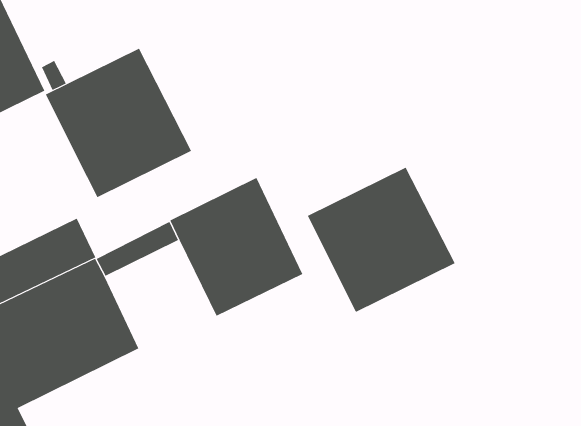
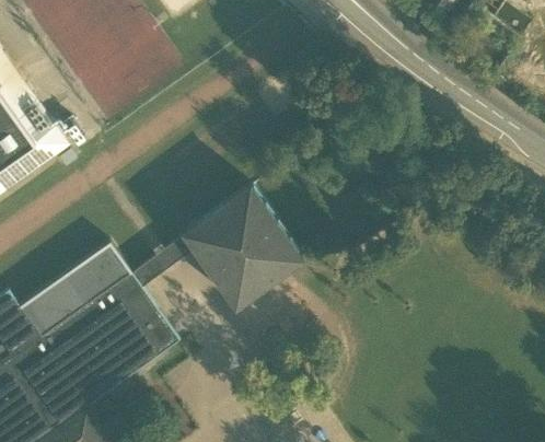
building: [45,48,192,198] -> none
building: [307,167,456,313] -> none

